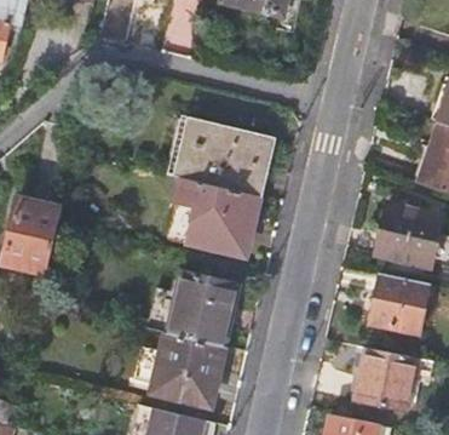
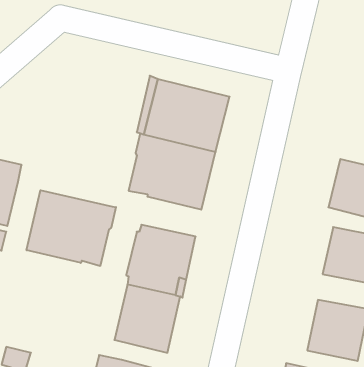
building: none -> [27,190,116,266]

